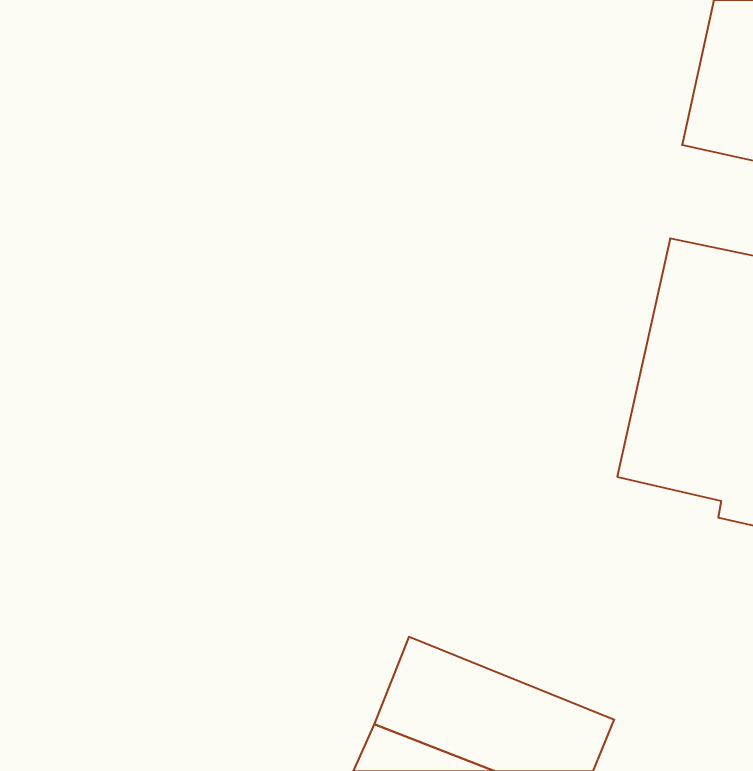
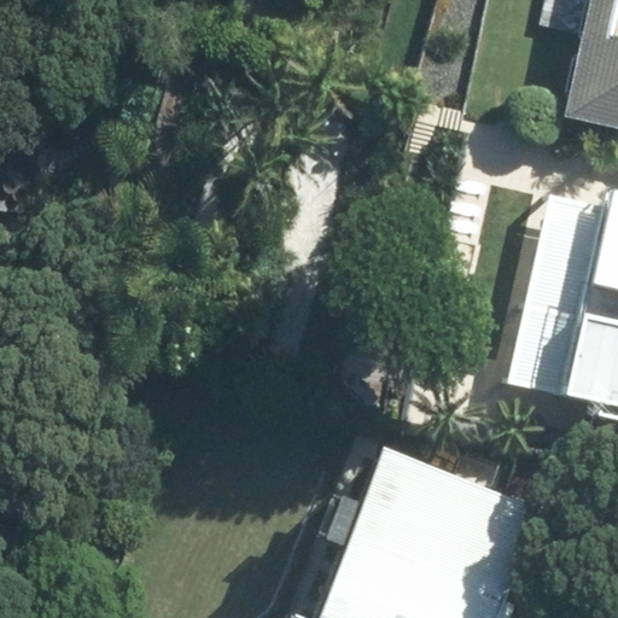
building: none -> [342,441,534,576]

